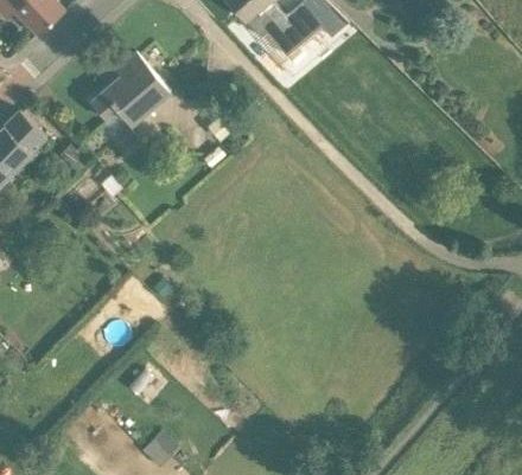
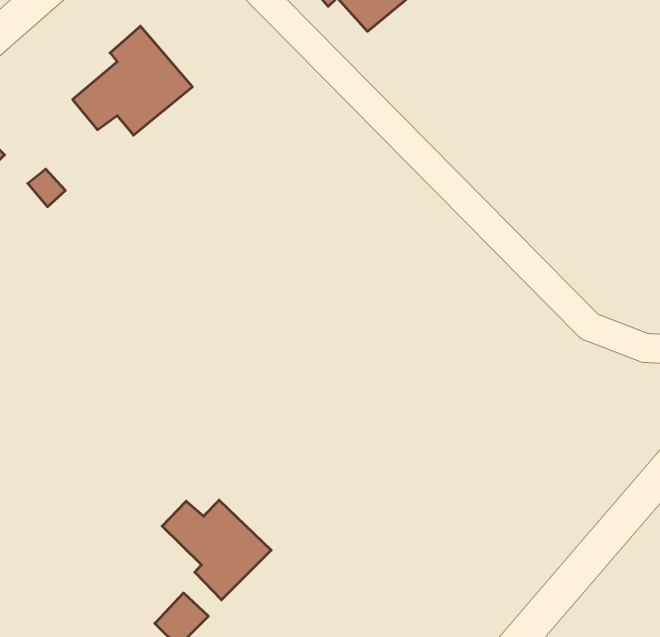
building: none -> [162,500,271,600]

